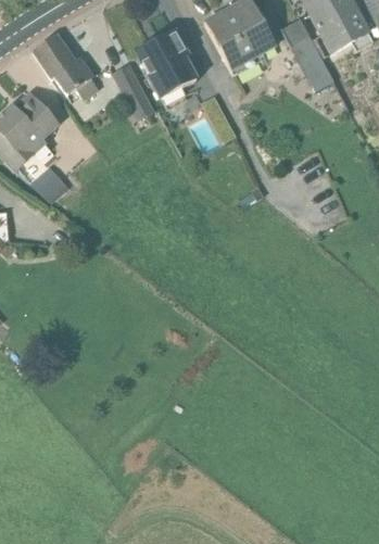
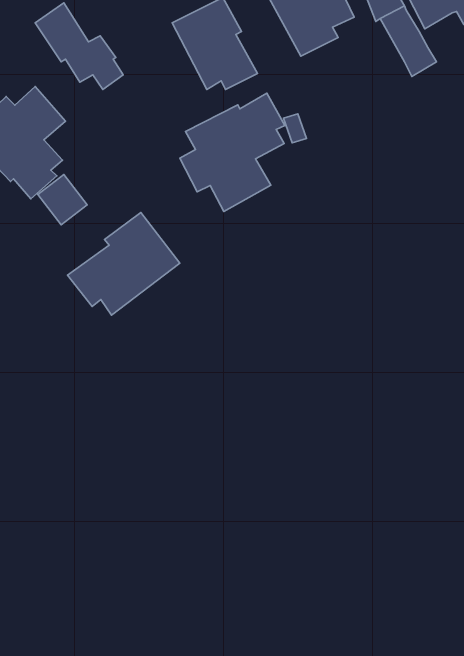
building: [114,64,147,105] -> none
building: none -> [180,93,285,211]
building: none -> [68,213,180,315]

